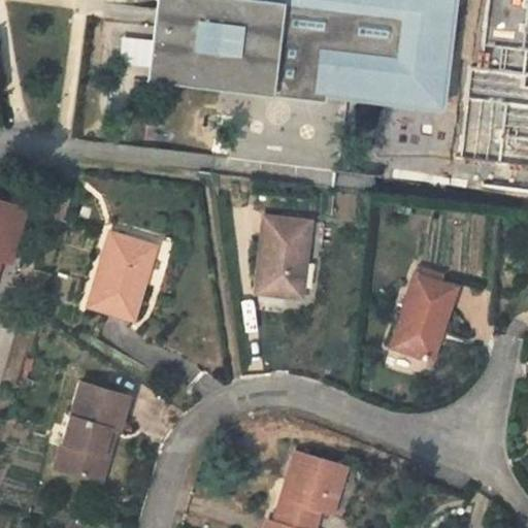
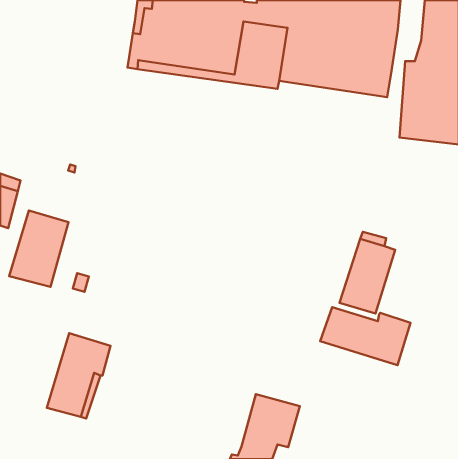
building: [257,218,310,297] -> none
building: [88,232,156,320] -> [9,211,68,287]
building: none -> [320,307,411,365]

